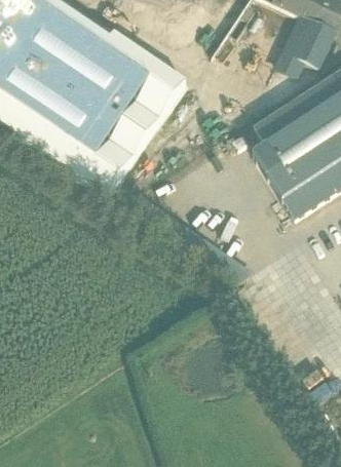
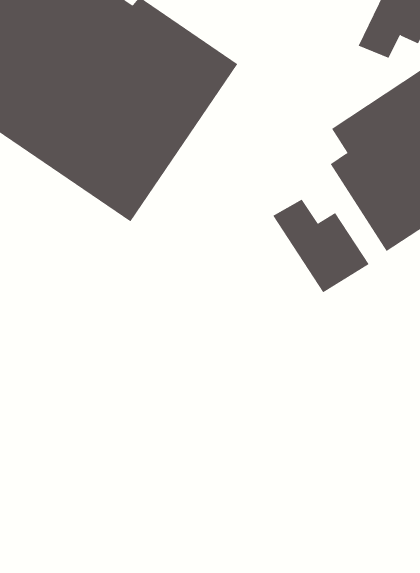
building: none -> [272,199,370,293]

